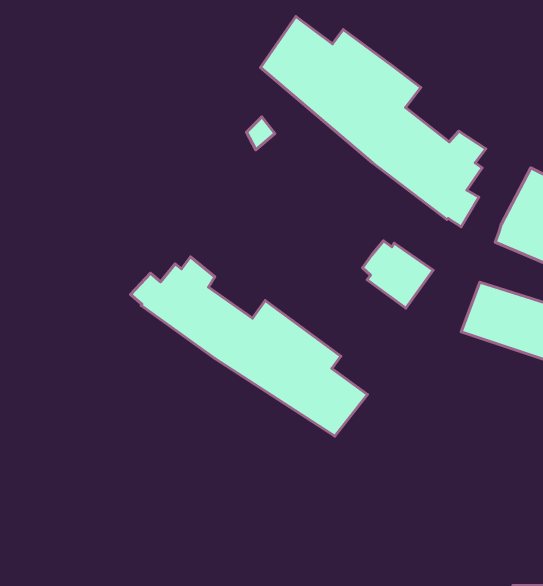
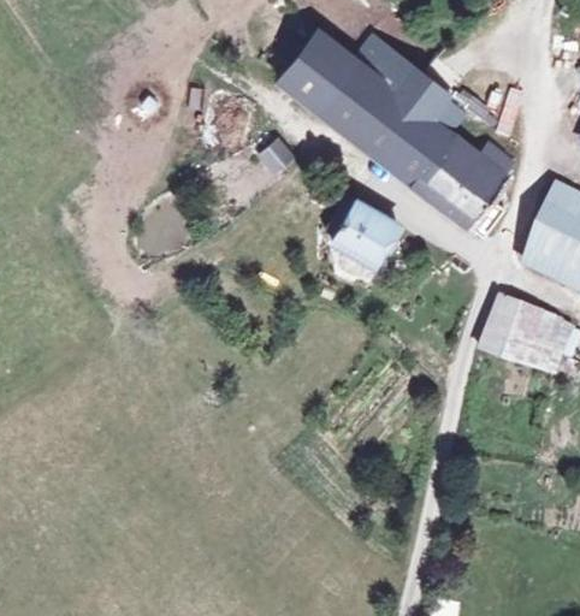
building: [362,241,433,308] -> [335,203,407,272]
building: [131,257,368,436] -> none

